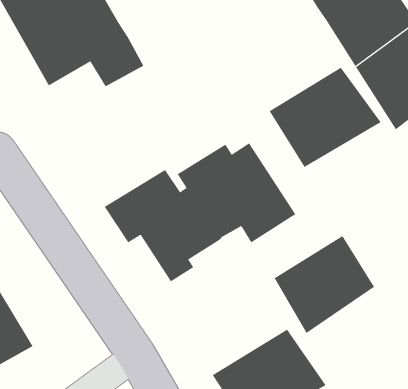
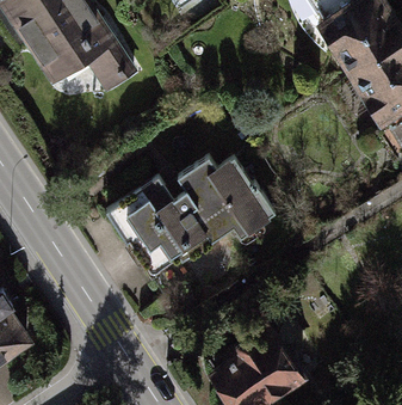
building: [269,67,381,168] -> none
building: [274,235,375,334] -> none

